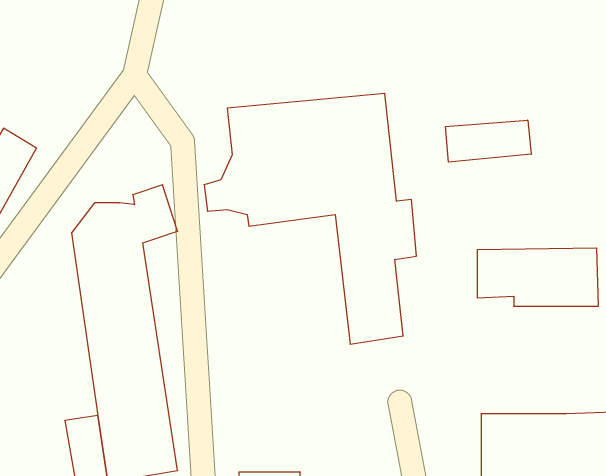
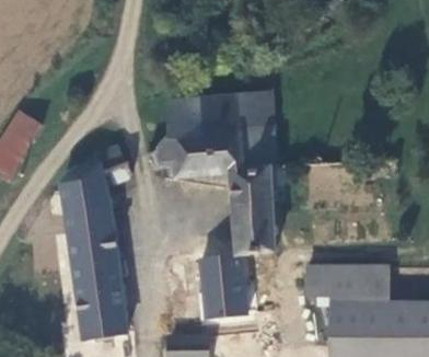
building: [446,120,531,162] -> none
building: [477,248,598,306] -> [306,262,386,300]
building: none -> [200,254,248,315]

